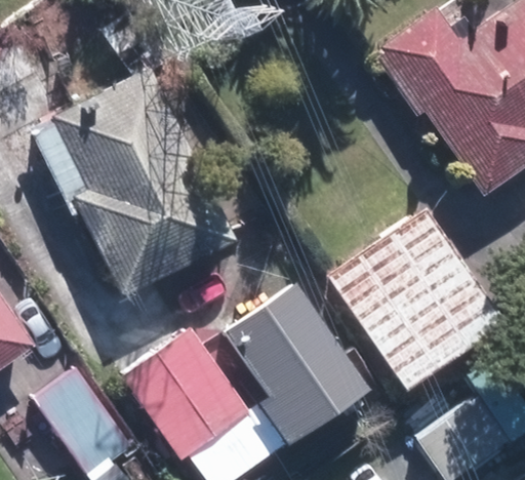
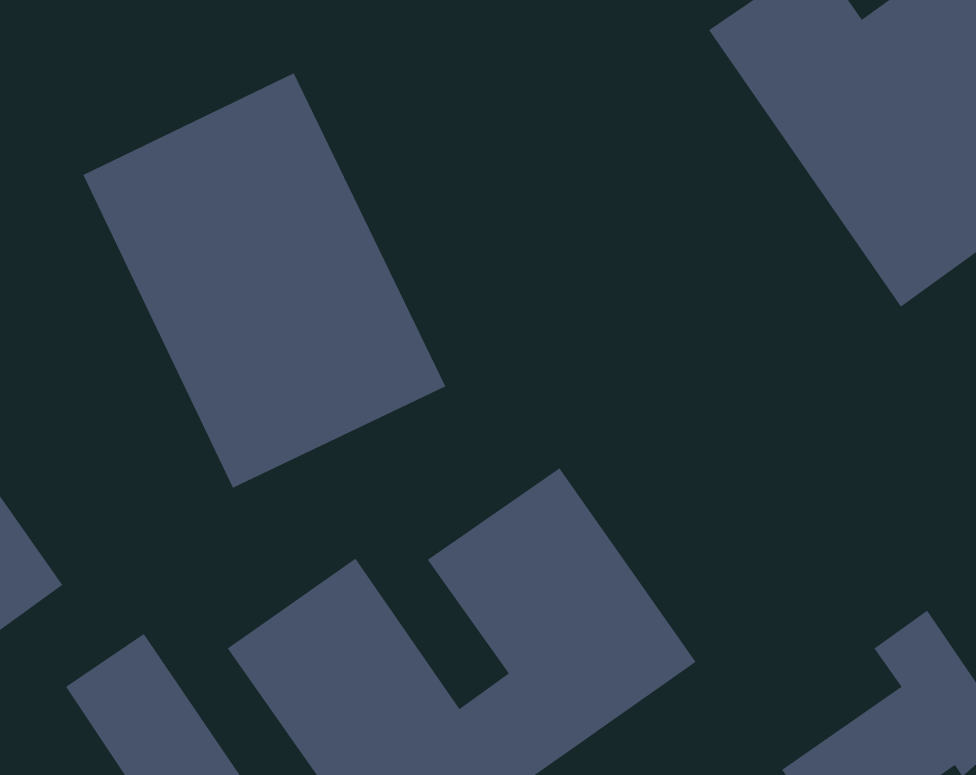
building: [327,206,507,389] -> none

